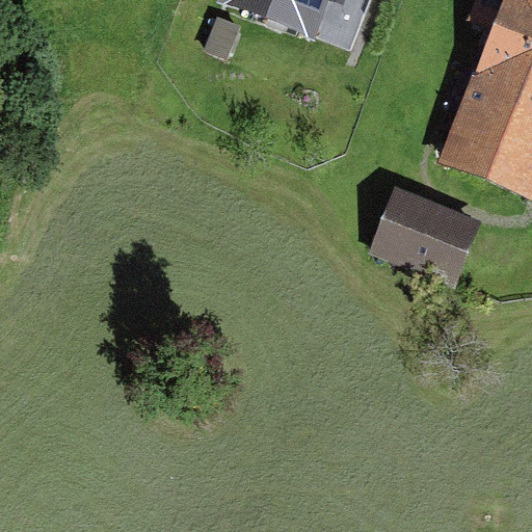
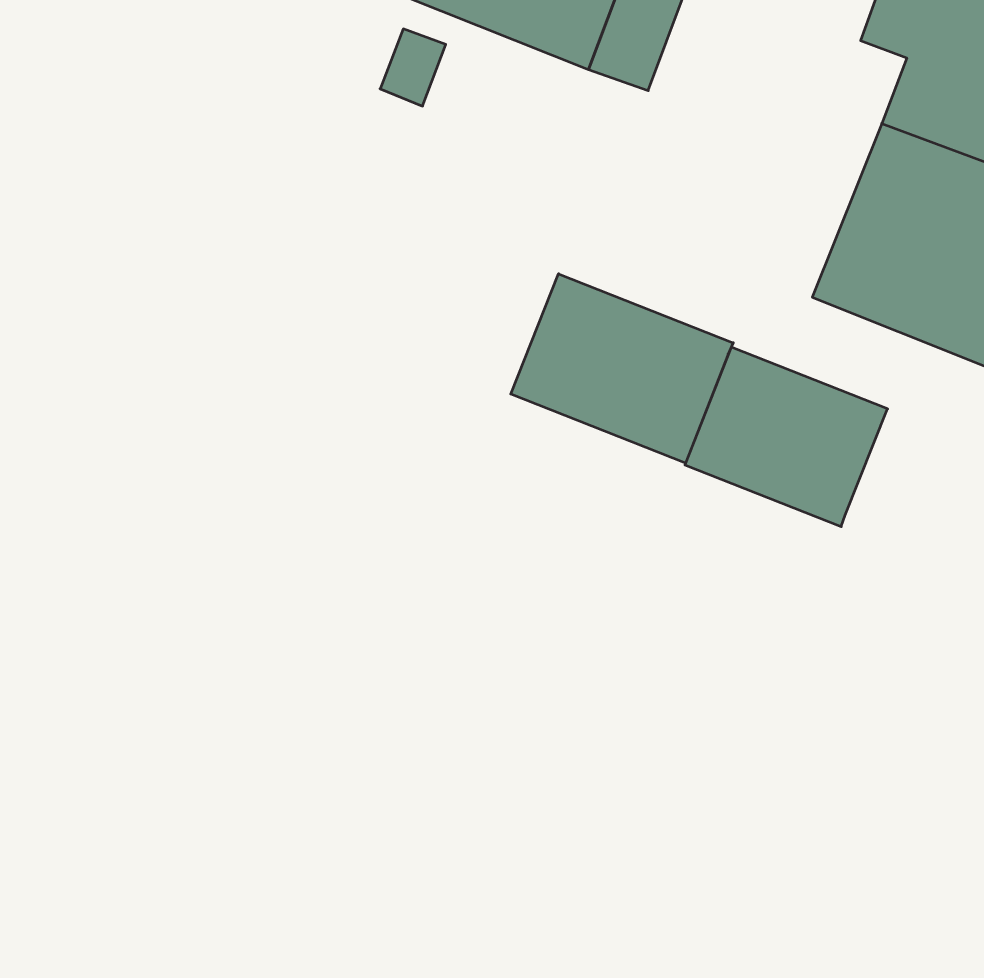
building: none -> [511,274,733,463]

